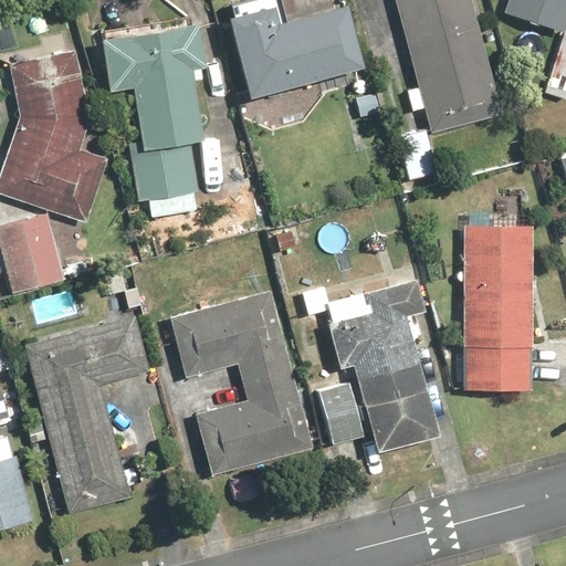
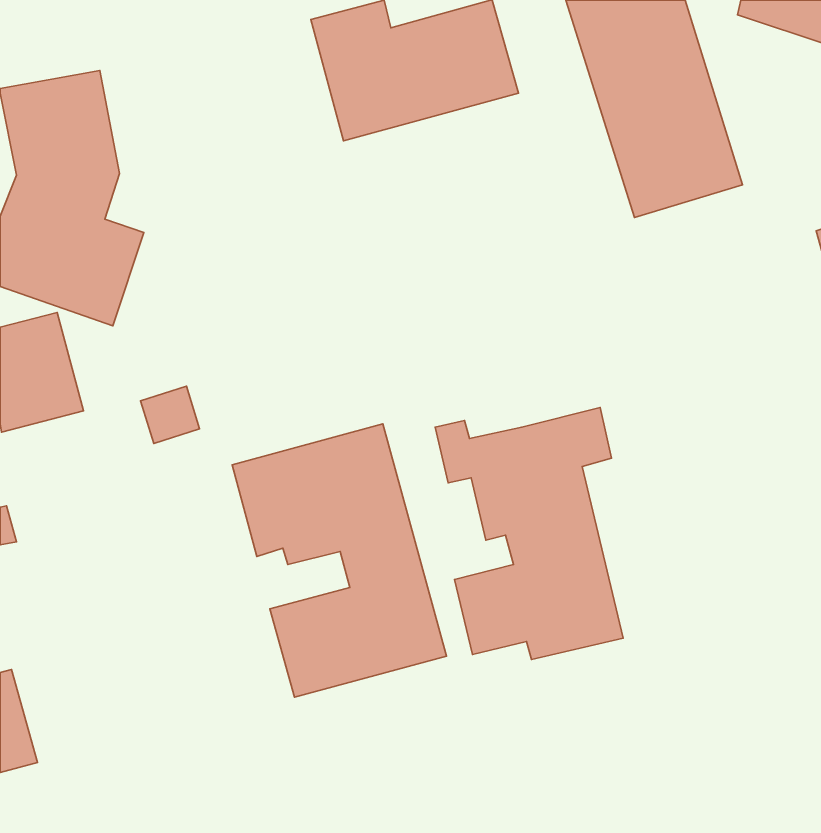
building: [92,23,200,219] -> none
building: [464,228,542,399] -> none
building: [24,315,151,511] -> none

